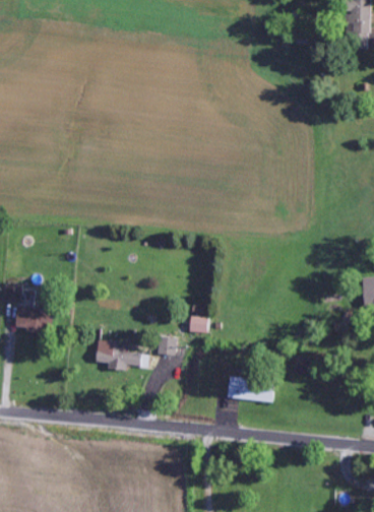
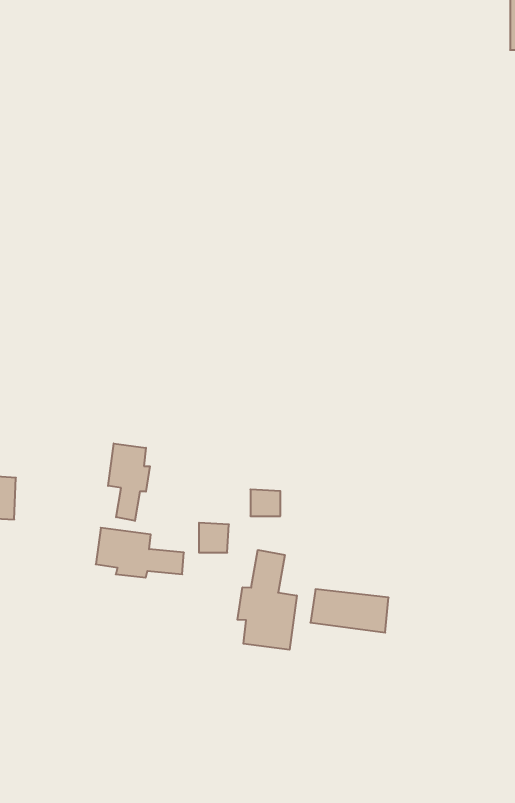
building: none -> [108,443,150,521]
building: none -> [237,550,297,650]

